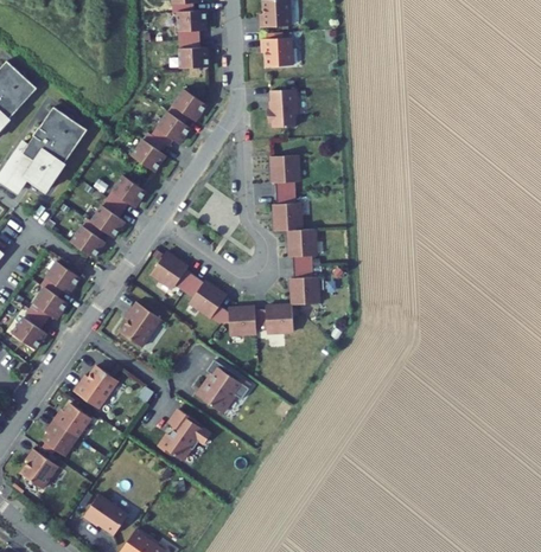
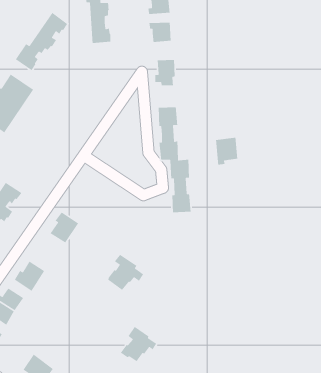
building: [132,85,206,168] -> [15,12,68,71]
building: [72,172,147,255] -> none
building: none -> [215,137,238,165]
building: [151,251,293,334] -> none
building: [161,410,214,461] -> [120,326,157,362]

